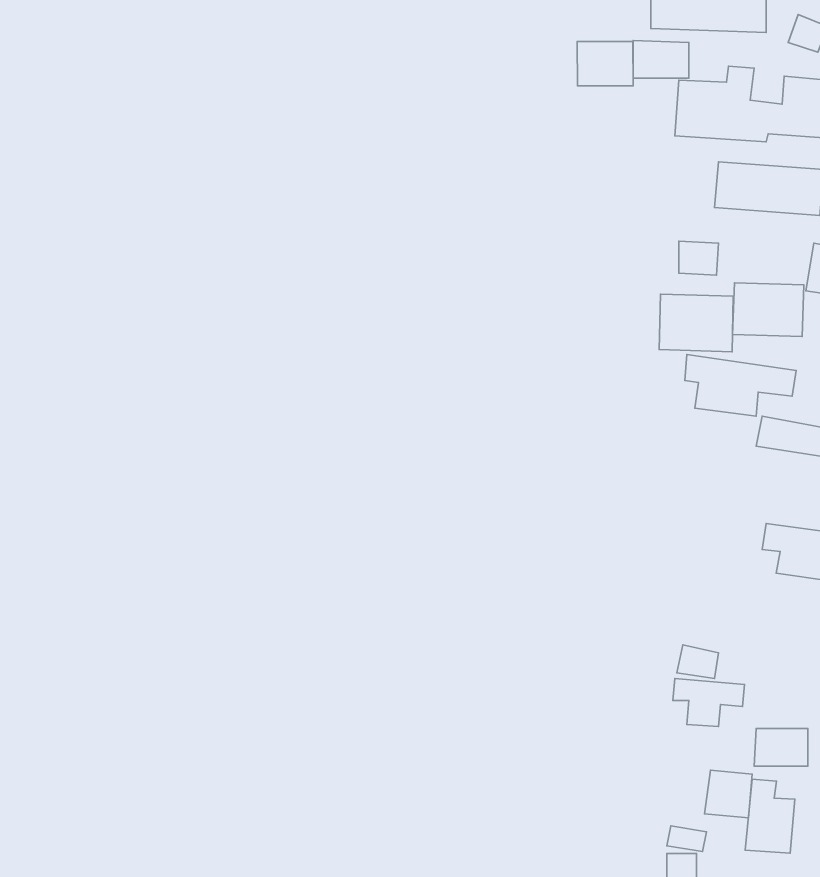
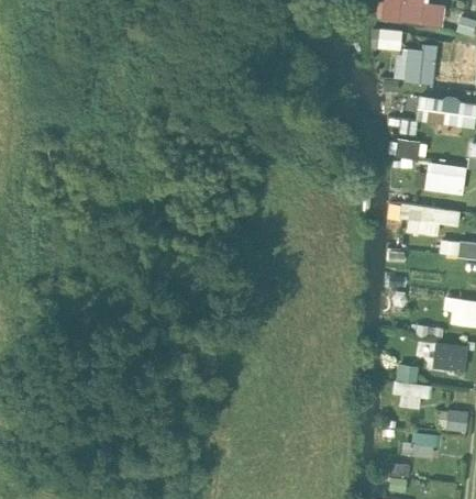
building: [577,42,633,86] -> none
building: [659,294,733,352] -> none
building: none -> [431,340,468,372]
building: [745,779,795,853] -> none

